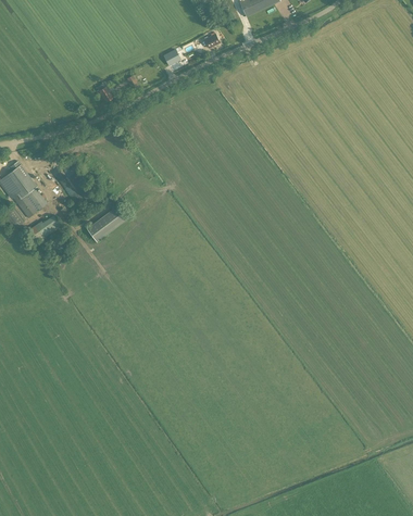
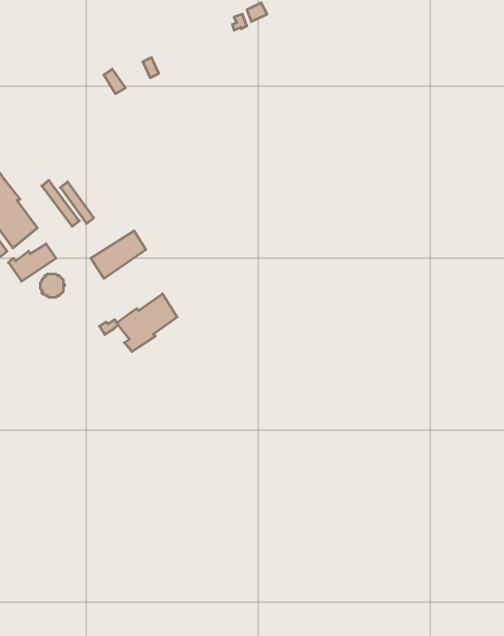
building: none -> [99,294,177,352]

